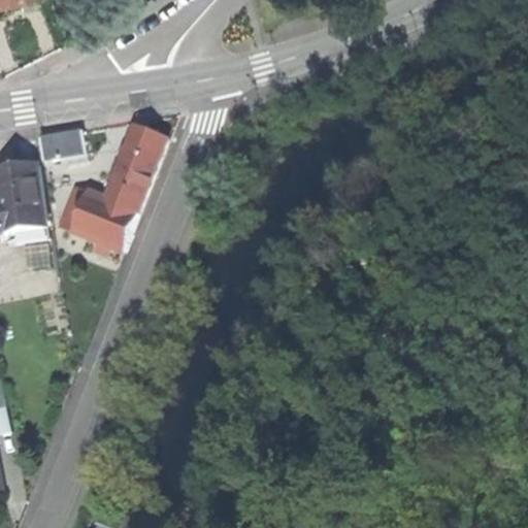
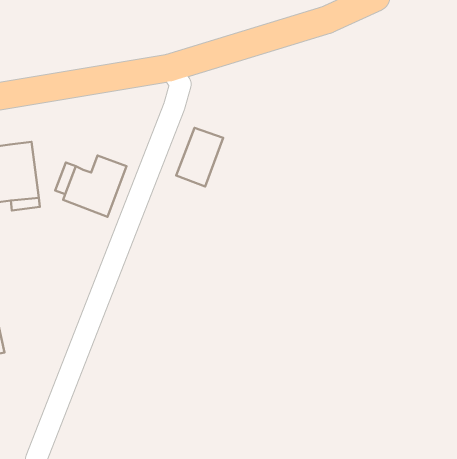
building: [111,123,165,190] -> [176,128,223,187]
building: [39,128,84,158] -> none

